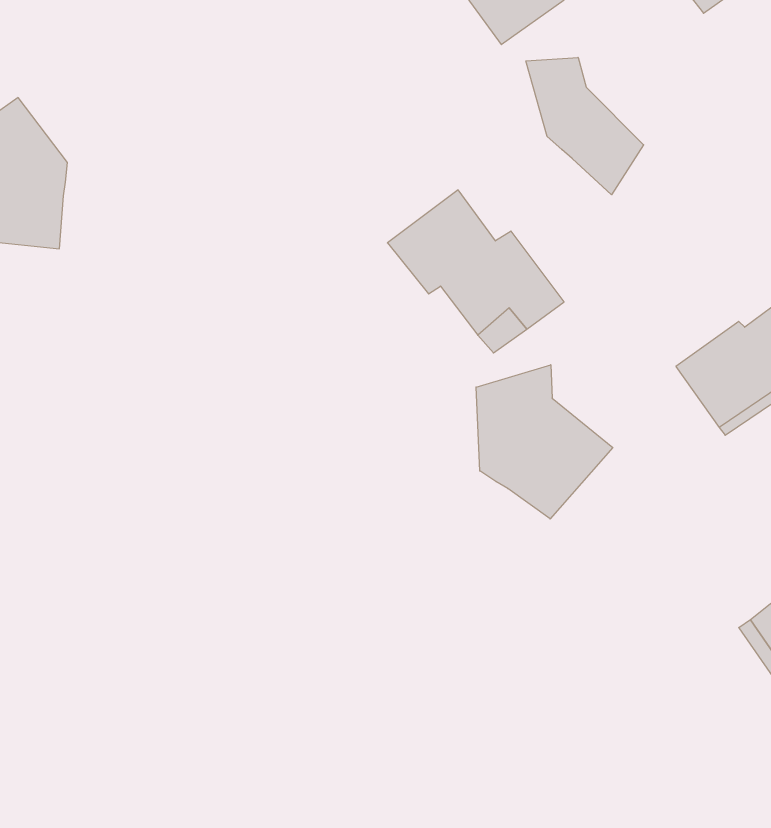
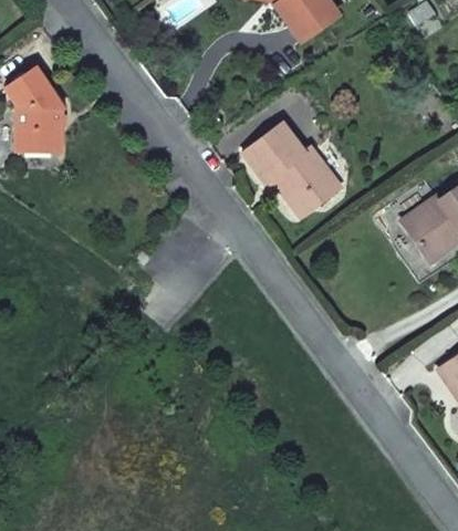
building: [526,57,644,195] -> none
building: [476,365,613,519] -> none

